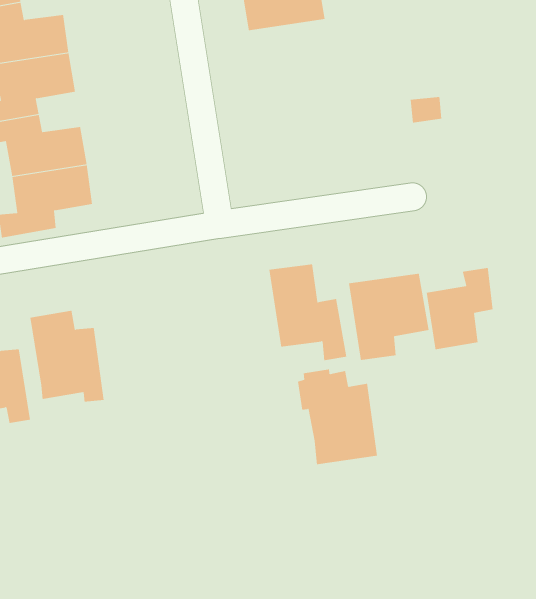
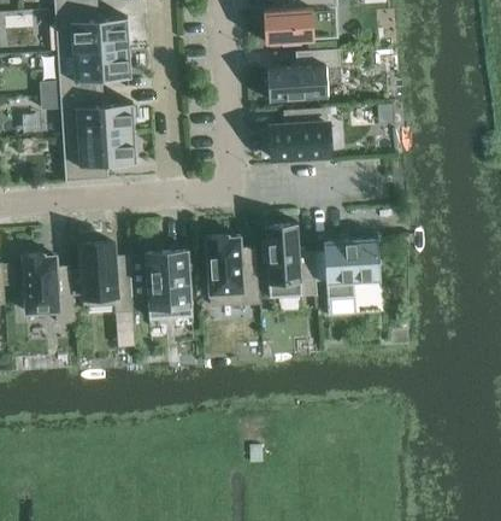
building: none -> [266,51,340,103]
building: none -> [270,110,330,164]
building: [426,267,493,350] -> none
building: none -> [145,250,191,311]
building: [297,369,378,465] -> [202,235,258,306]

